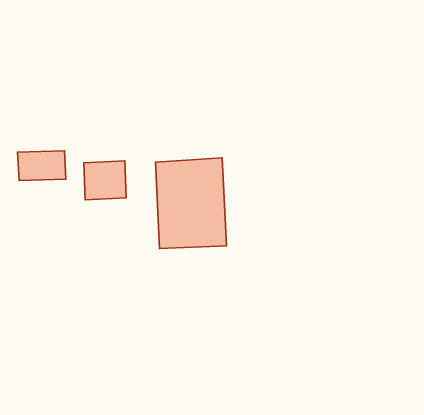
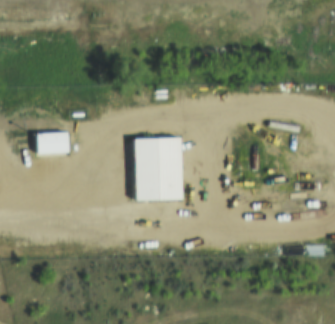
building: [84,161,126,200] -> none

